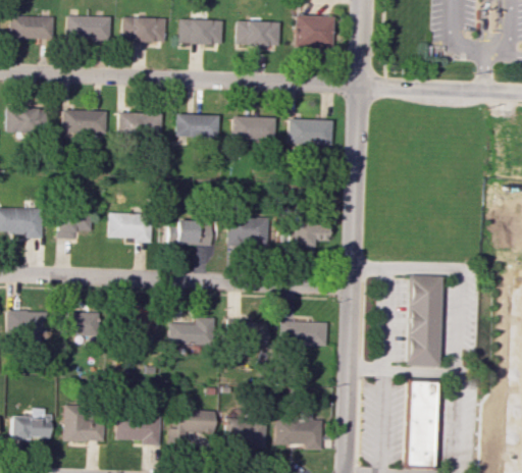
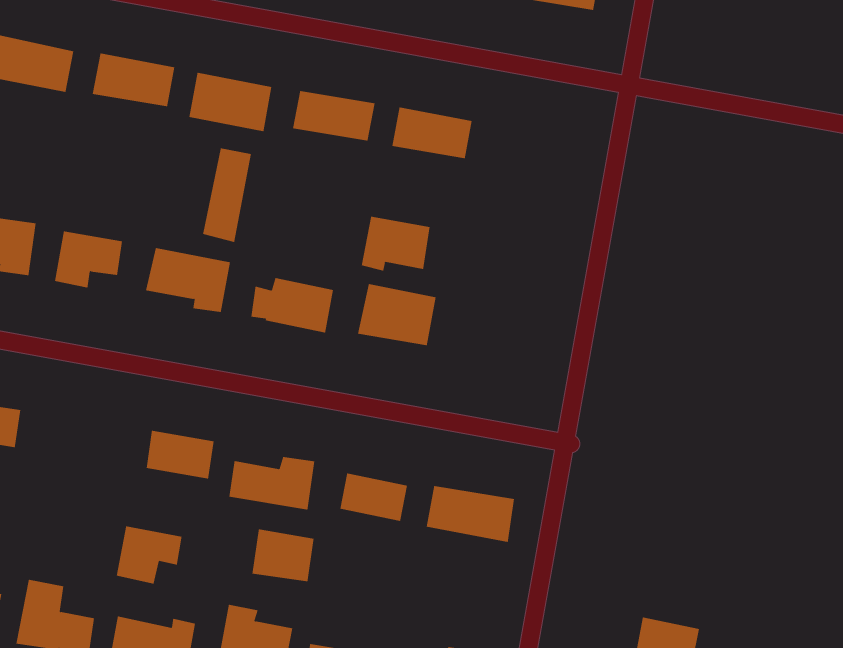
building: [288,118,332,145] -> none
building: none -> [203,148,252,243]
building: none -> [361,216,430,271]
building: [294,221,329,247] -> none
building: [407,275,442,366] -> none
building: [64,312,99,335] -> none
building: none -> [252,529,314,582]
building: none -> [116,526,182,584]

